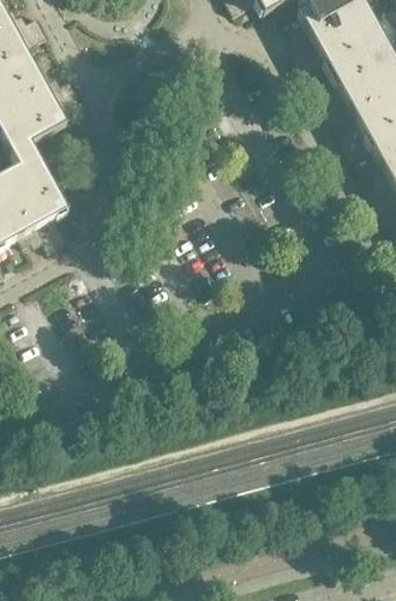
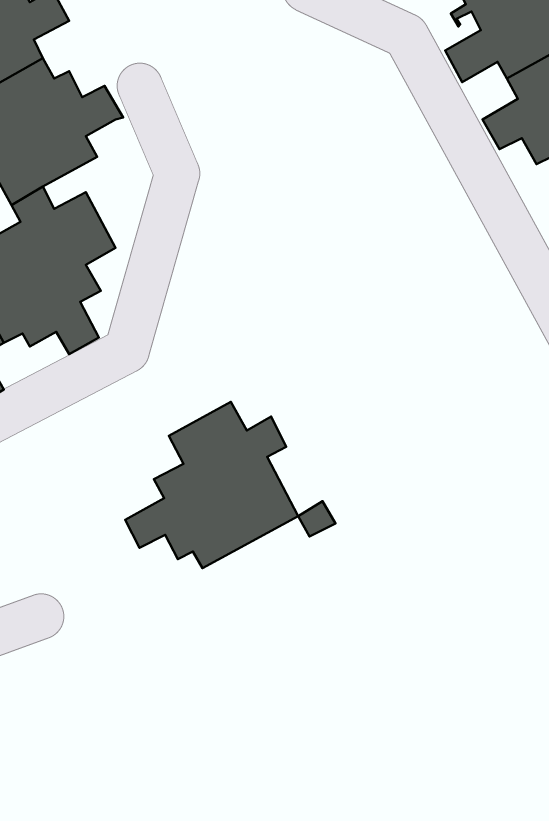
building: none -> [125,402,298,568]

